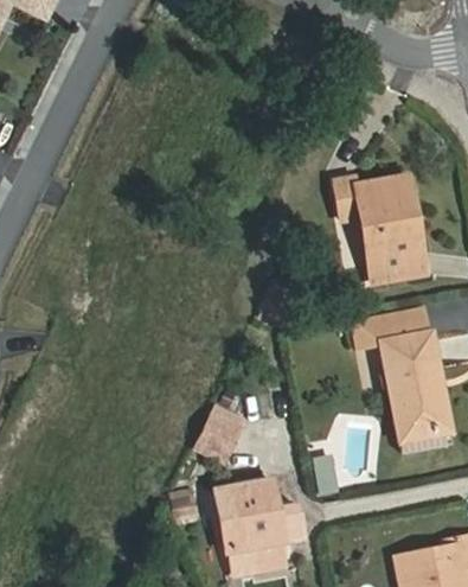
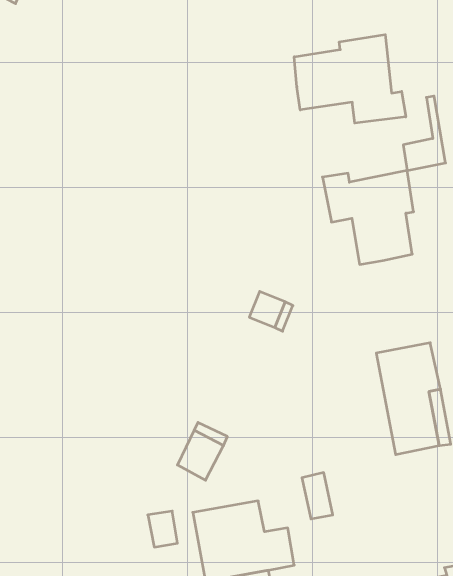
building: none -> [294,35,406,123]
building: [387,212,427,281] -> [403,96,446,171]
building: [347,308,431,349] -> none

